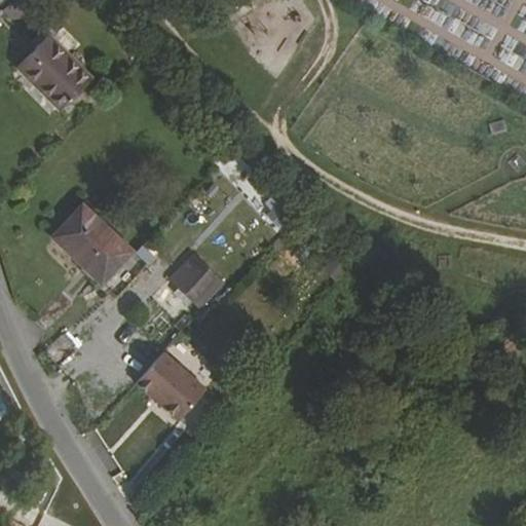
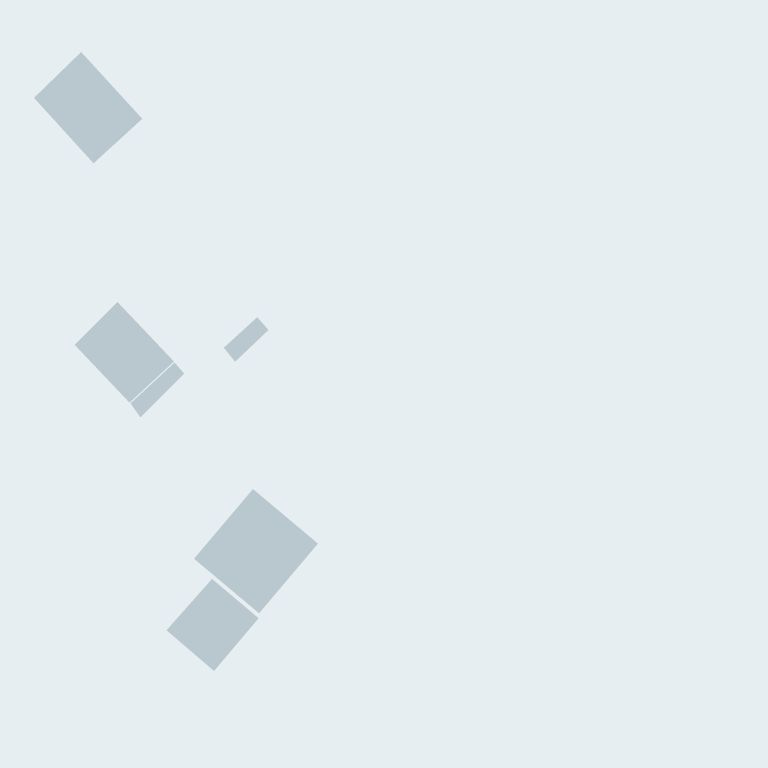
building: [170,250,227,307] -> none
building: none -> [165,578,260,672]

